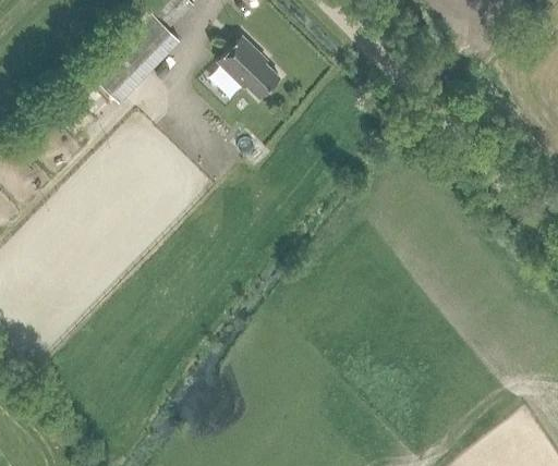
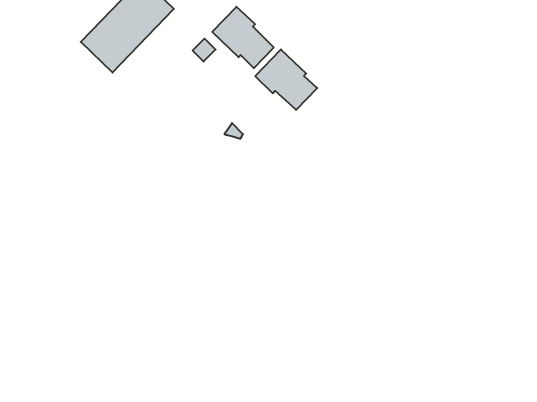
building: none -> [255,49,317,110]

